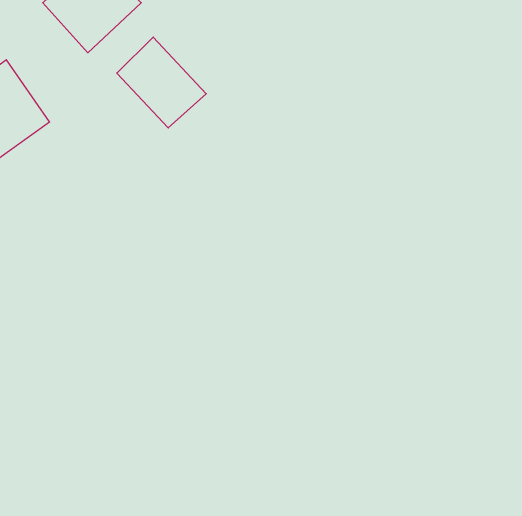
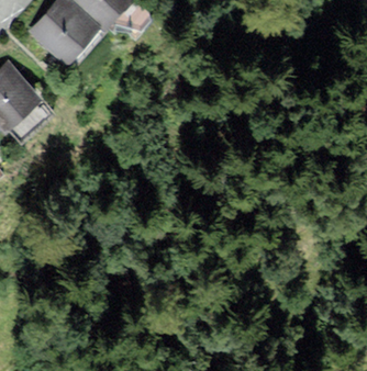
building: [117,37,206,128] -> none

